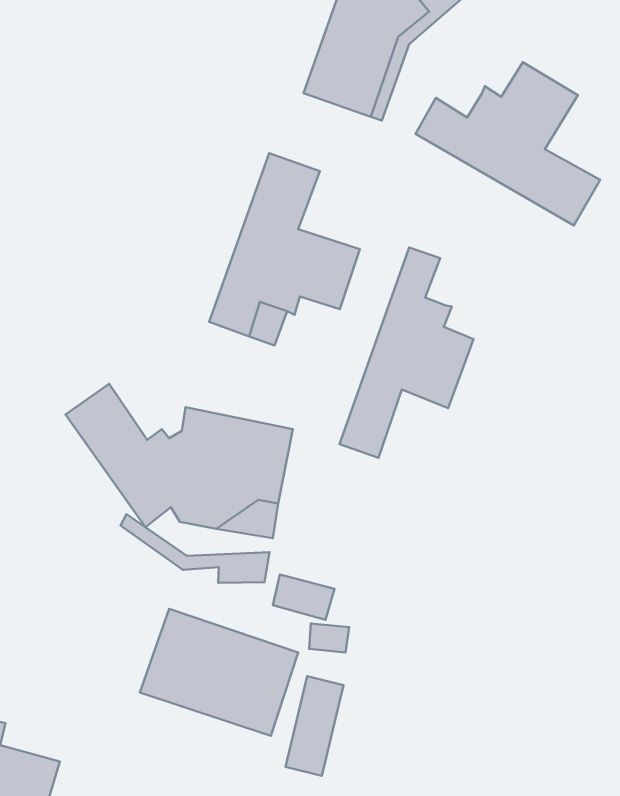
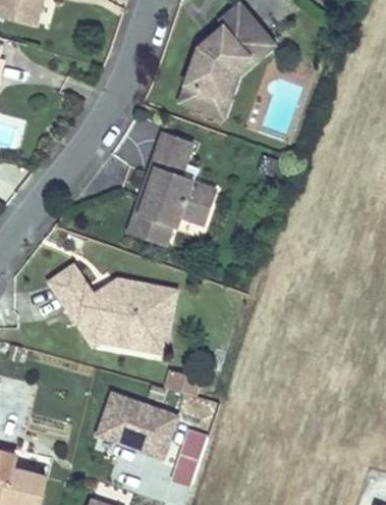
building: [415,62,600,225] -> none
building: [340,248,474,458] -> none
building: [120,514,269,583] -> none

